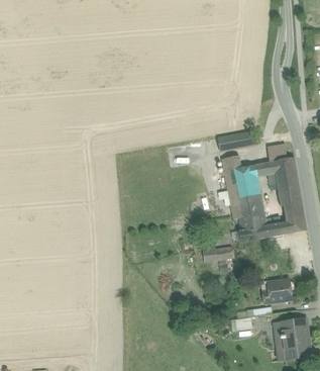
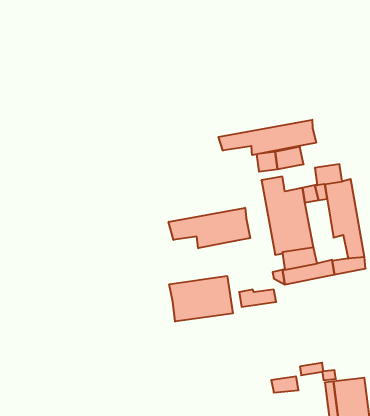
building: none -> [218,120,316,155]
building: none -> [169,208,250,248]
building: none -> [169,276,233,322]
building: [262,279,293,303] -> none

